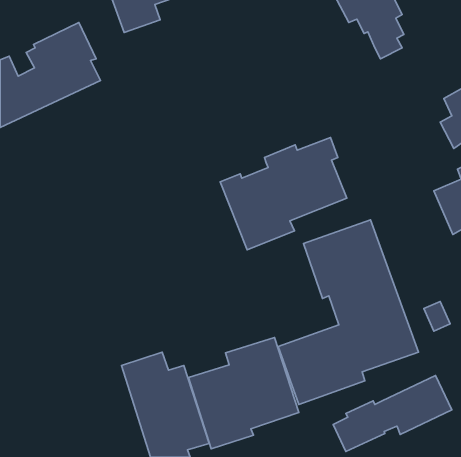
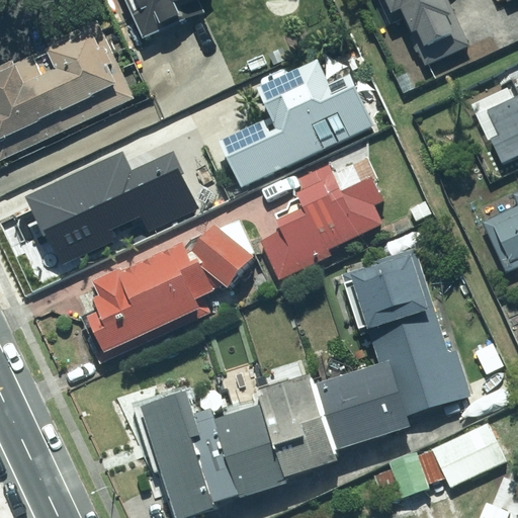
building: none -> [214,62,370,188]
building: none -> [36,146,202,258]
building: none -> [78,227,253,356]

